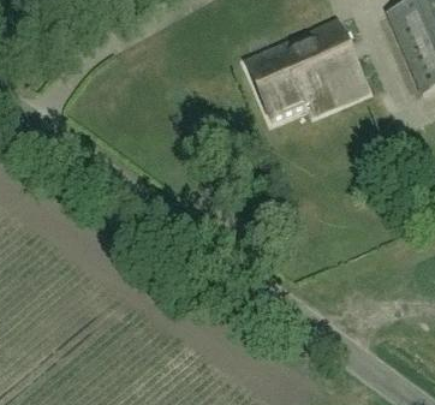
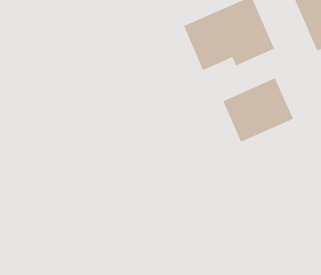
building: none -> [222,78,294,143]

